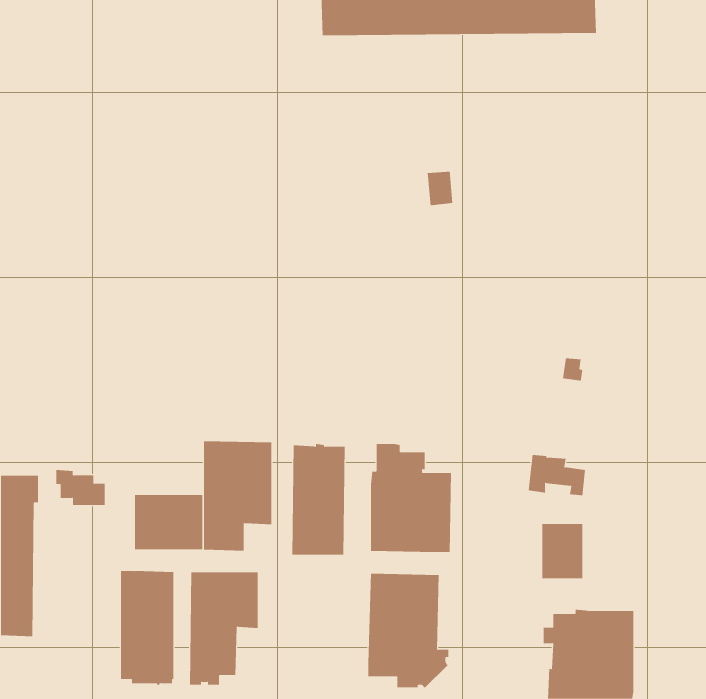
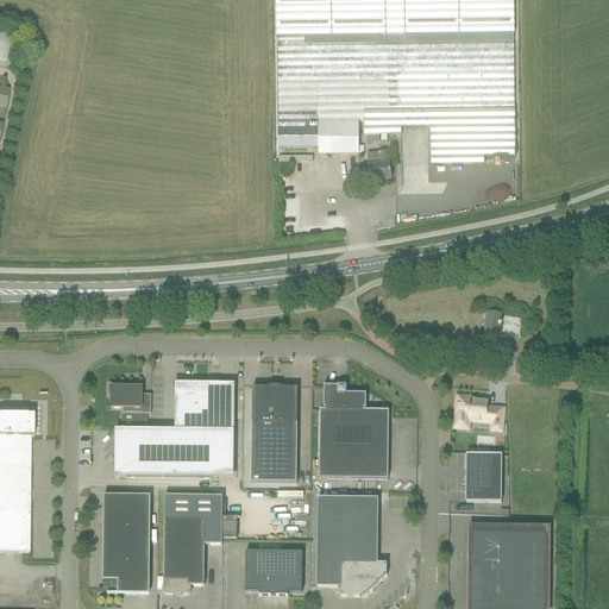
building: none -> [278,37,515,161]
building: [56,469,105,505] -> [108,378,151,409]
building: none -> [245,547,303,591]

